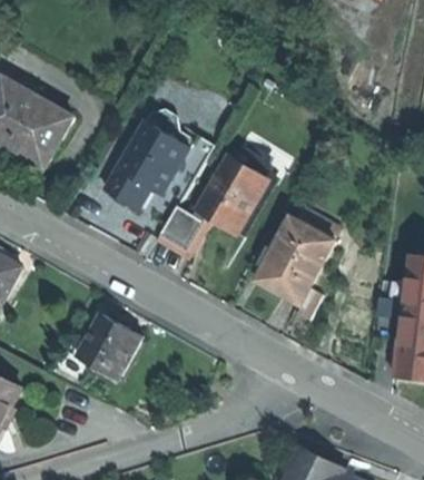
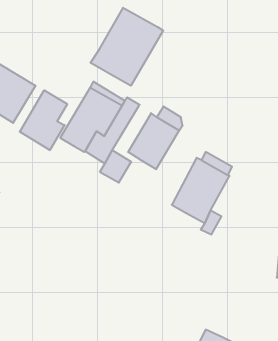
building: none -> [91,8,163,86]
building: none -> [20,90,67,150]
building: [72,310,139,378] -> none

